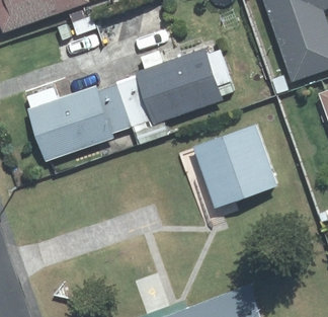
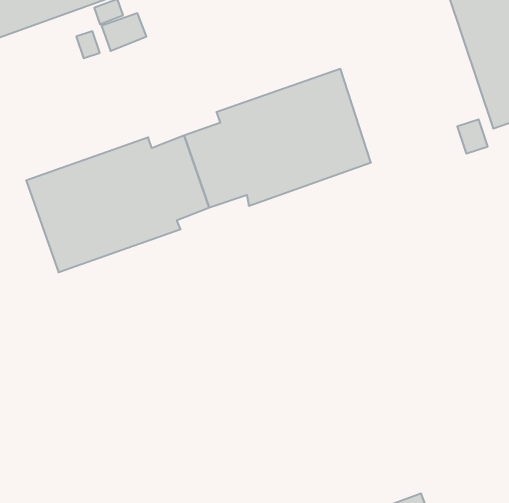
building: [193,125,276,207] -> none

